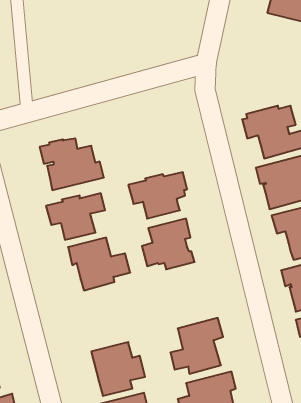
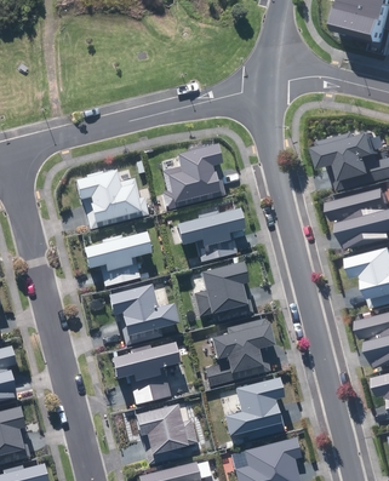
building: none -> [161,144,225,210]
building: none -> [205,317,274,385]
building: none -> [111,342,181,405]

